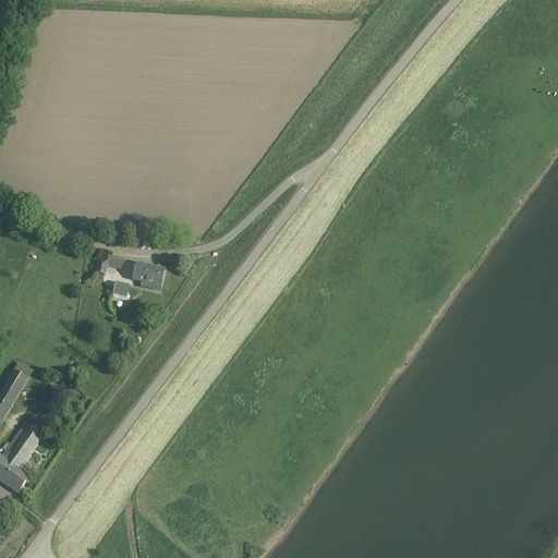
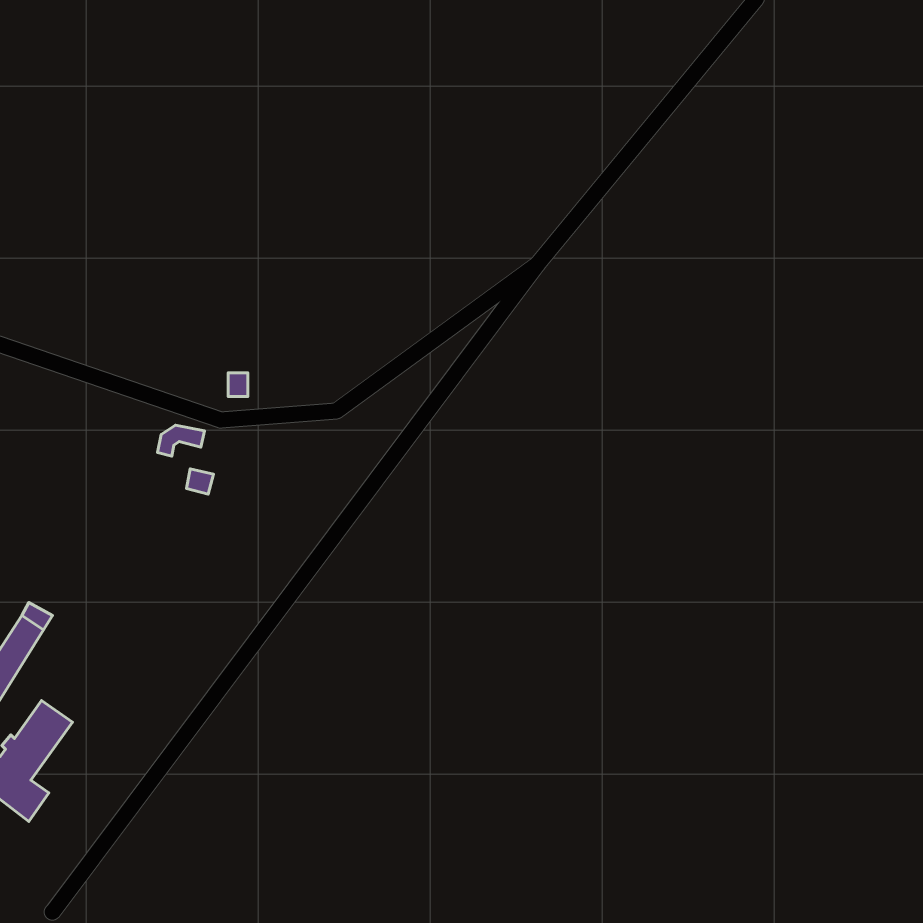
building: [132,264,163,291] -> none

